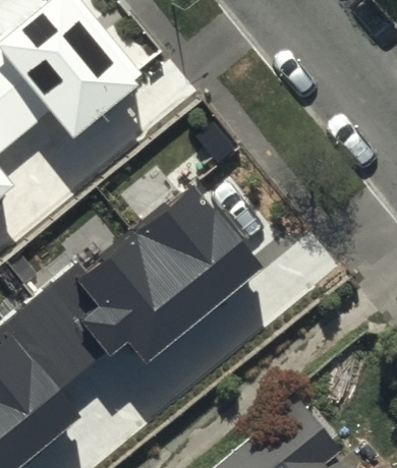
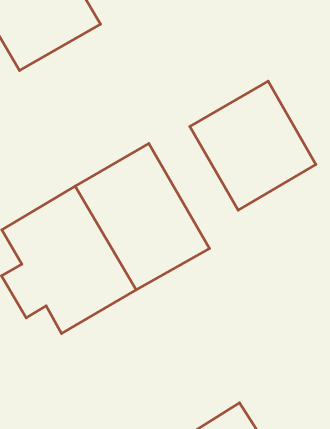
building: none -> [190,81,316,210]

